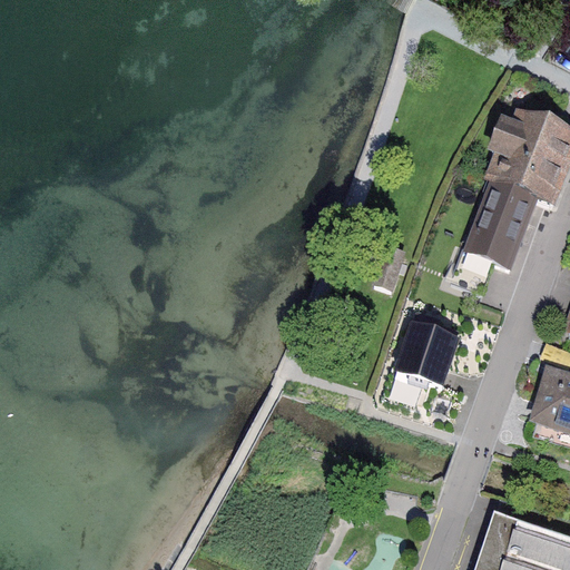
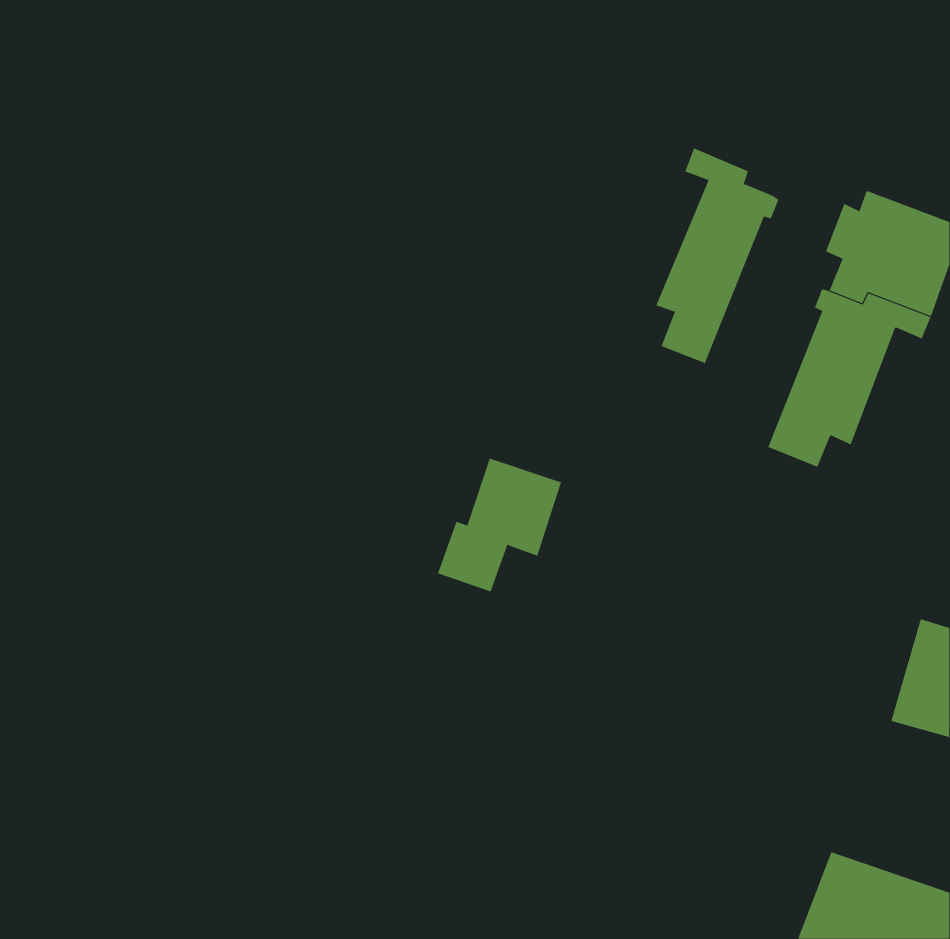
building: none -> [656,148,779,364]
building: [382,325,456,405] -> [437,458,562,592]

